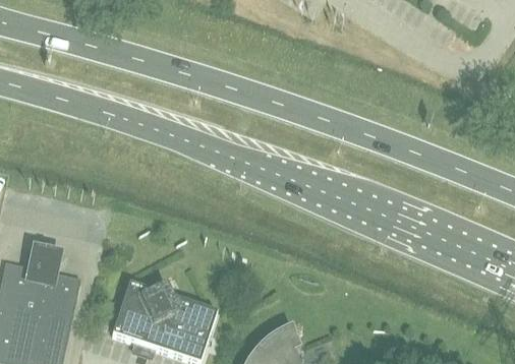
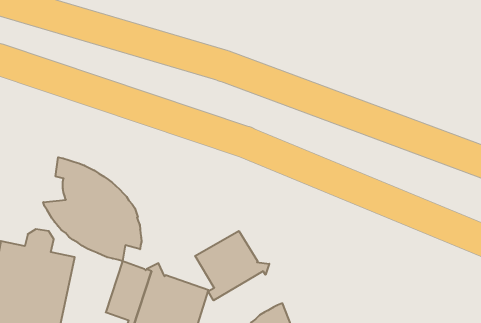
building: none -> [43,157,141,261]
building: none -> [195,231,269,300]

